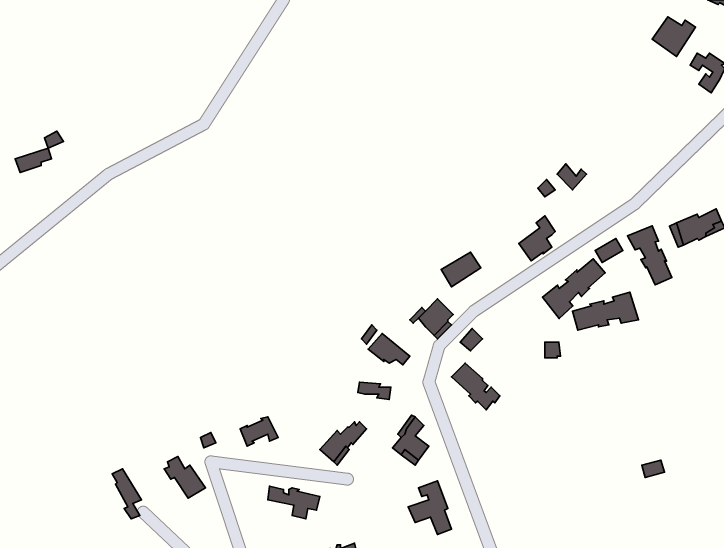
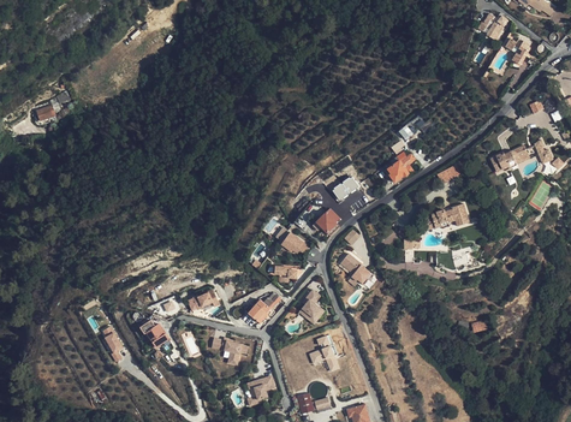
building: [628,226,672,285] -> none
building: [542,259,605,319] -> none

